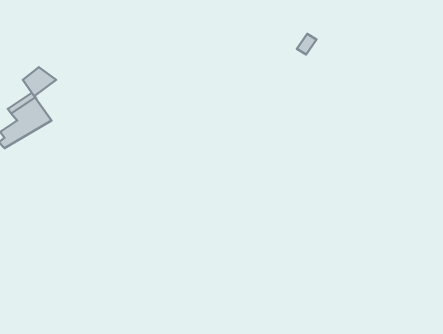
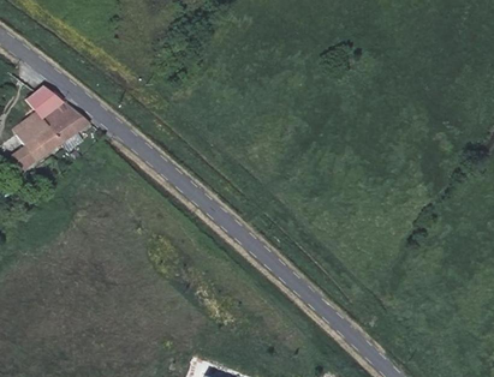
building: none -> [48,106,94,144]

